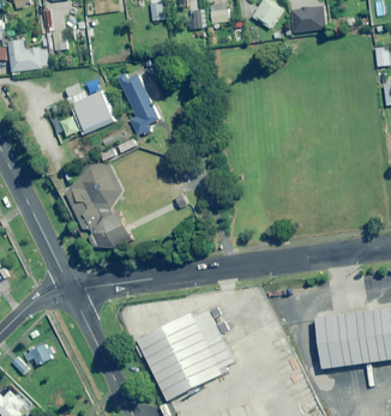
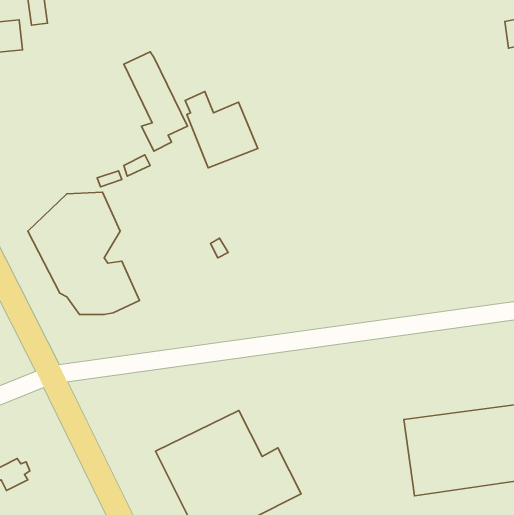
building: [67,83,116,134] -> [185,92,258,168]

